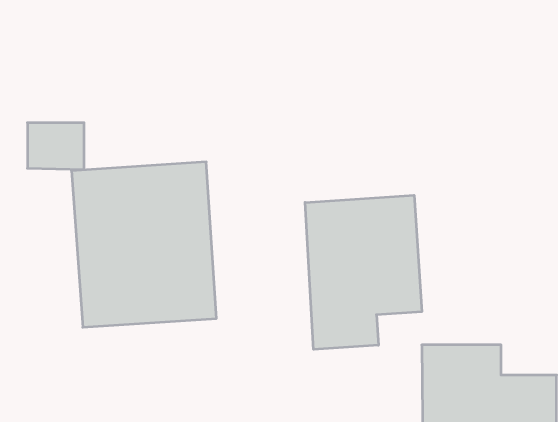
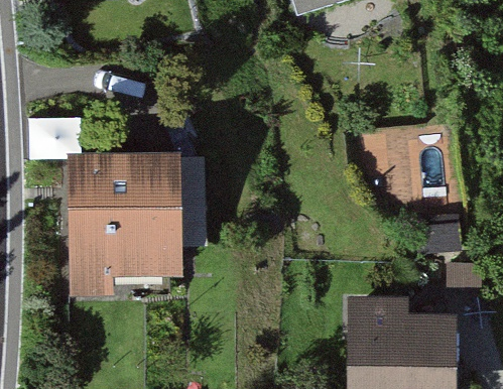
building: [305,195,422,349] -> none

